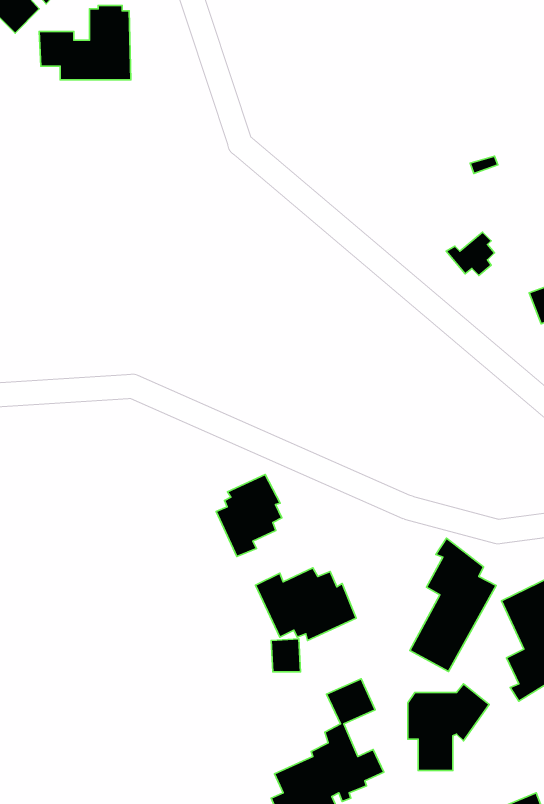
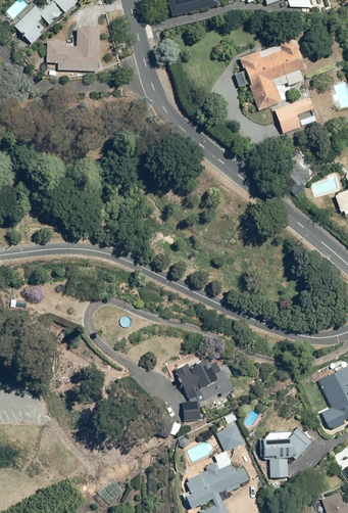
building: none -> [236,37,312,134]
building: [216,474,282,557] -> none
building: [410,538,496,672] -> none

